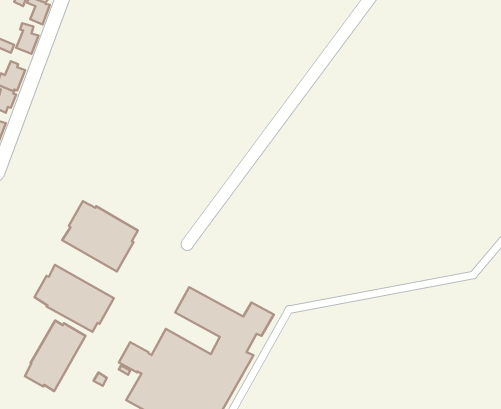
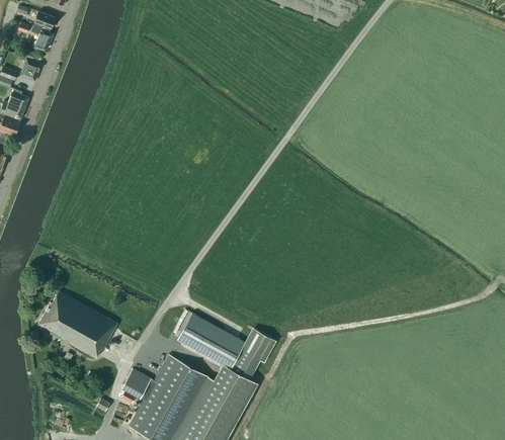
building: [62,201,138,271] -> none
building: [25,321,86,391] -> none

